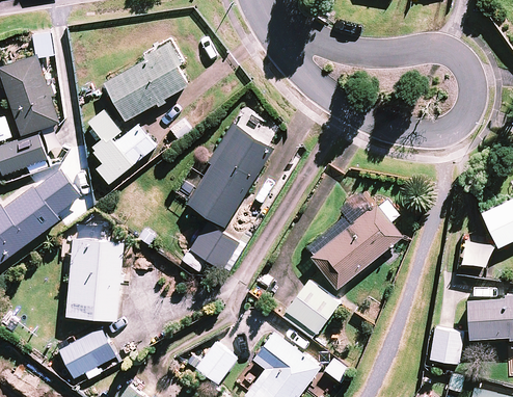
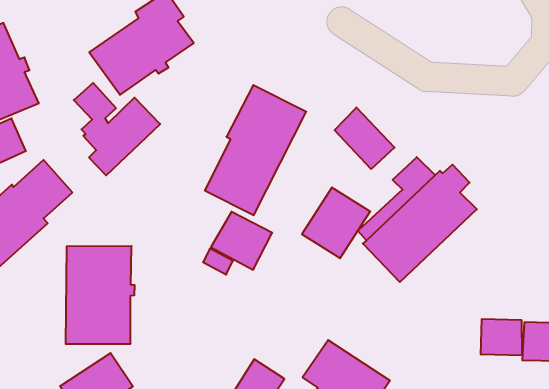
building: none -> [335,107,395,169]
building: [281,282,338,339] -> [302,188,370,258]
building: none -> [481,319,522,355]

